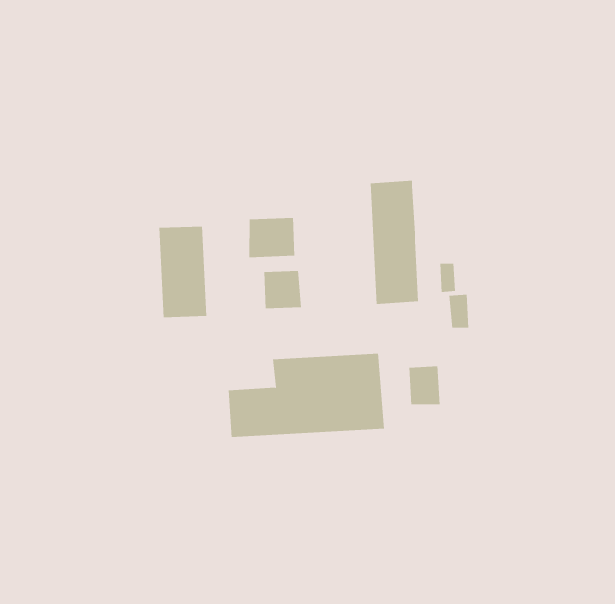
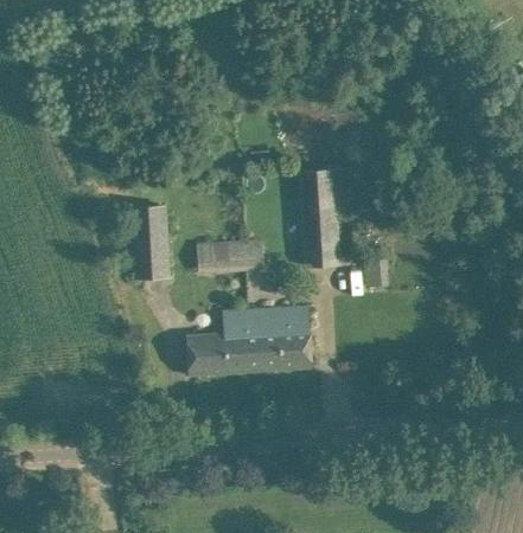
building: [249,217,295,258] -> none
building: [409,366,440,405] -> none

